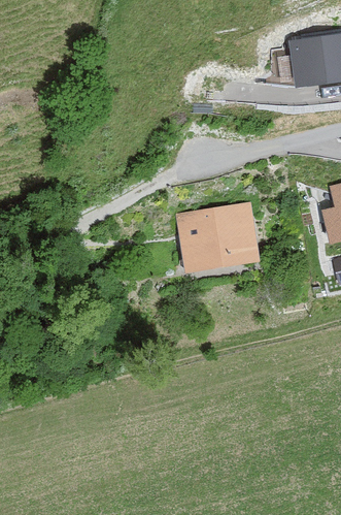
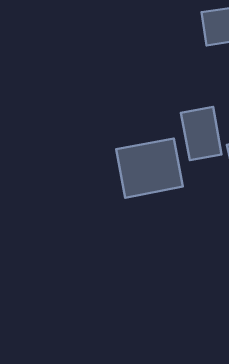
building: none -> [181,107,221,160]

